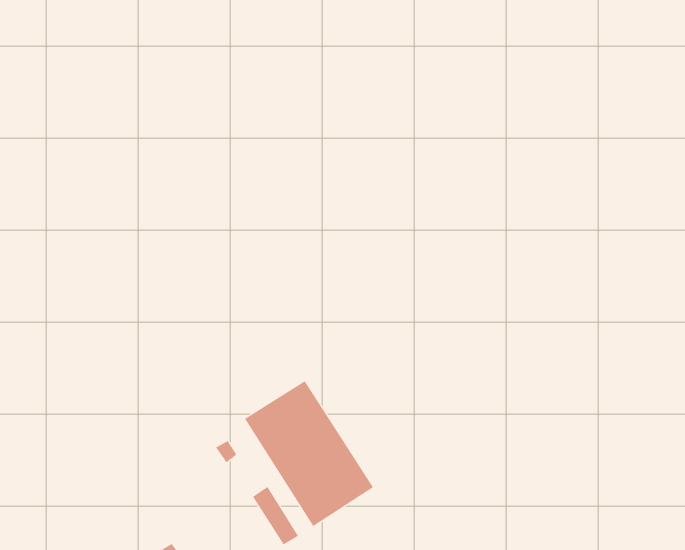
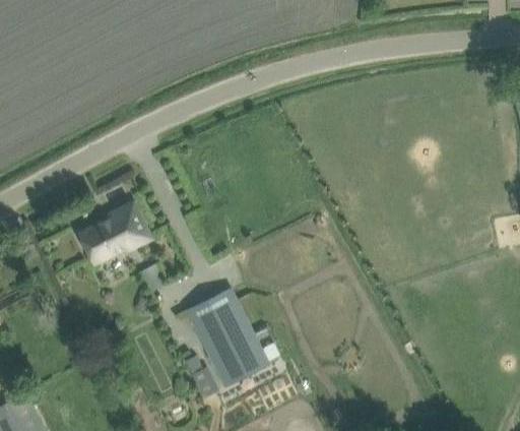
building: none -> [78,203,148,263]

